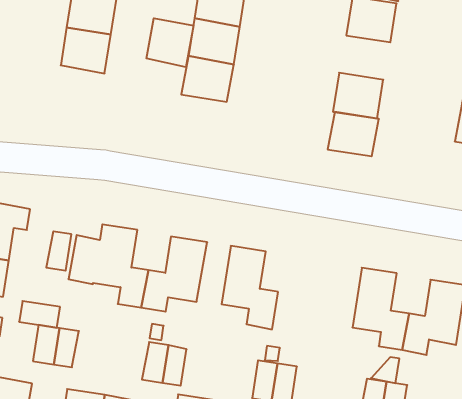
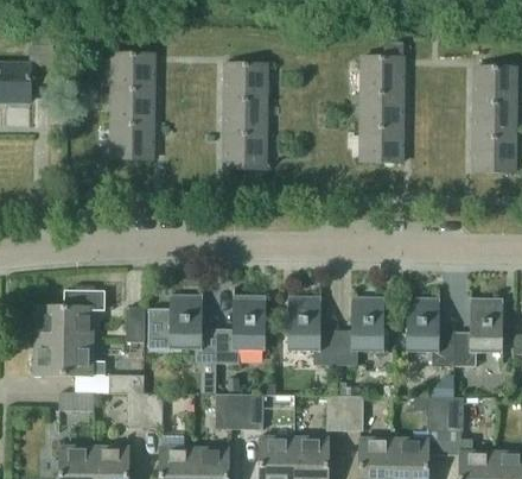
building: [146,18,193,67] -> none
building: [328,112,379,156] -> [359,92,401,126]
building: none -> [336,297,383,365]

